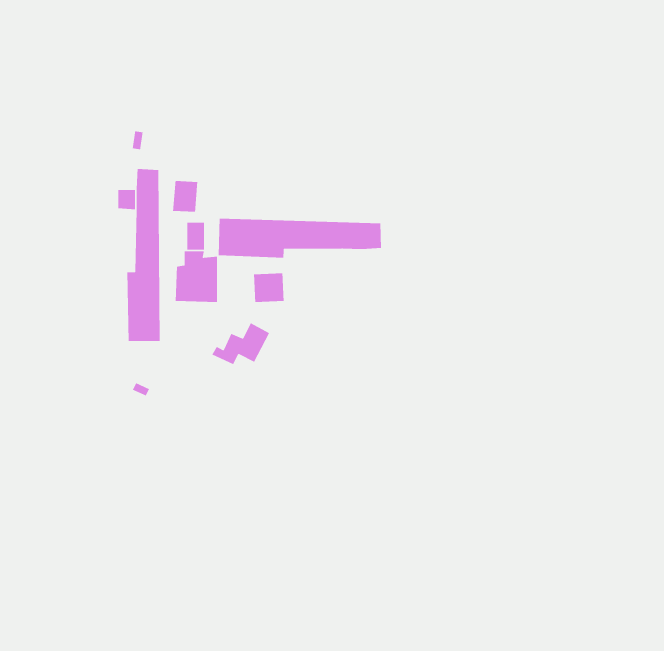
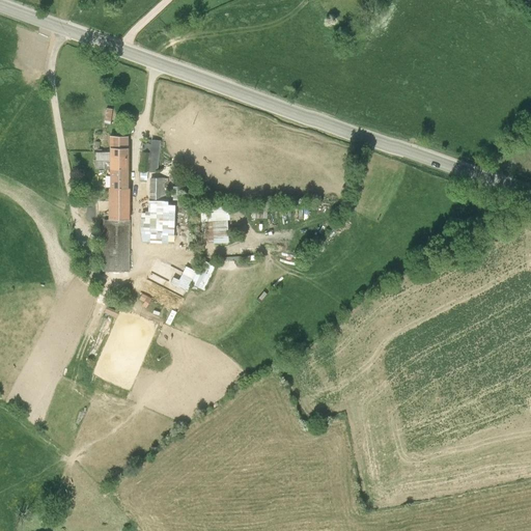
building: [218,218,382,259] -> none

